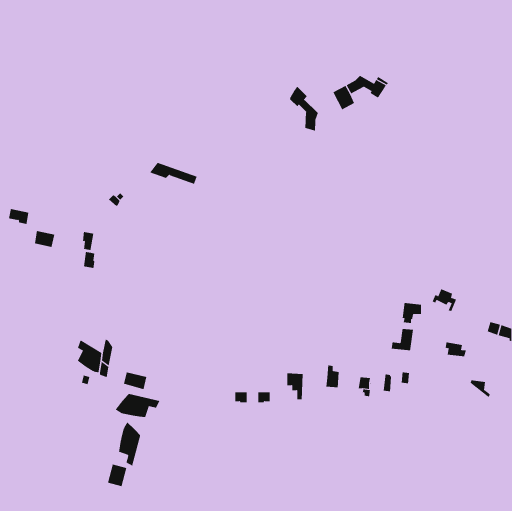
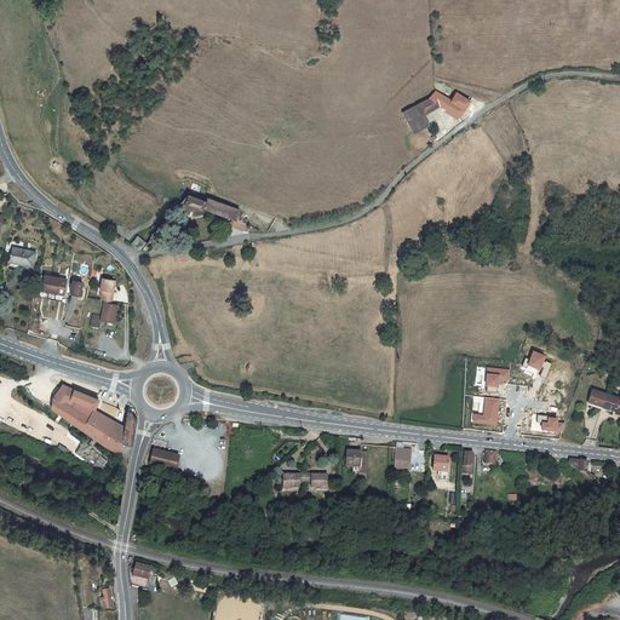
building: [289,86,318,132] -> none
building: none -> [51,384,102,436]
building: [115,393,160,418] -> none
building: [118,421,141,467] -> none

